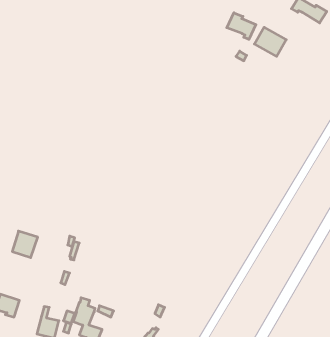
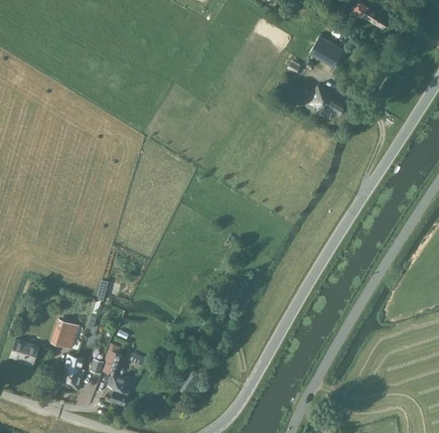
building: [227,13,256,39] -> none
building: none -> [306,85,344,117]
building: [12,231,38,258] -> [50,318,80,348]

